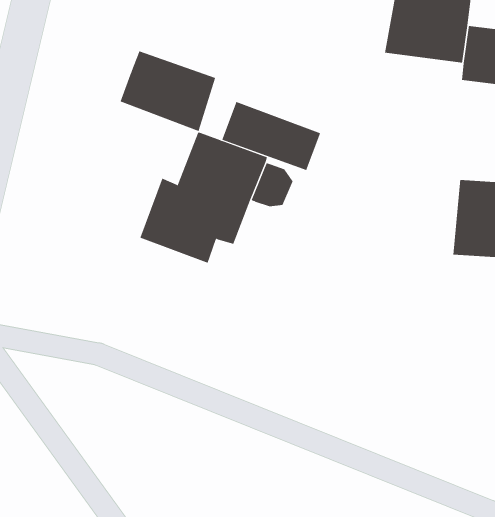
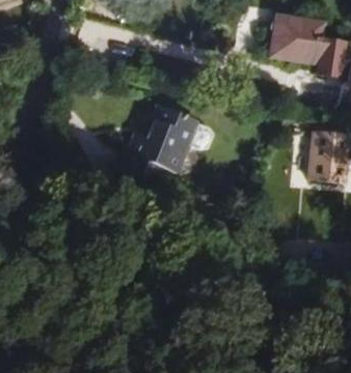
building: [120,50,216,132] -> none
building: [221,101,321,171] -> none

